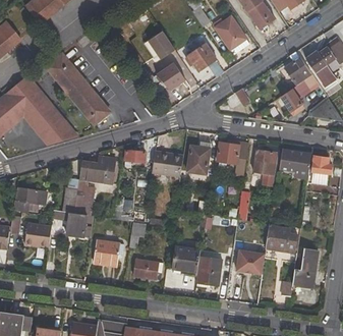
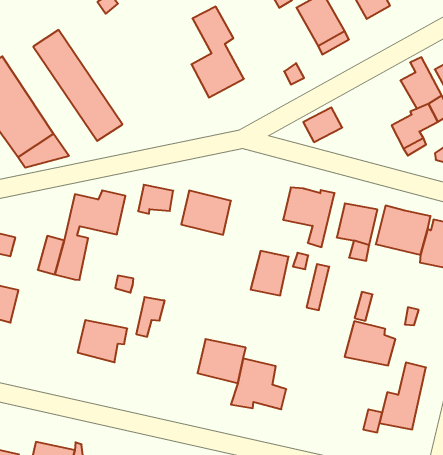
building: [183,43,215,71] -> none
building: [186,146,209,173] -> [251,251,289,295]
building: [52,210,87,236] -> none
building: [234,250,264,276] -> none
building: [132,259,162,279] -> none

